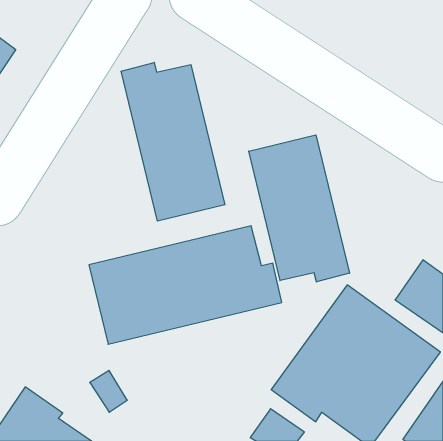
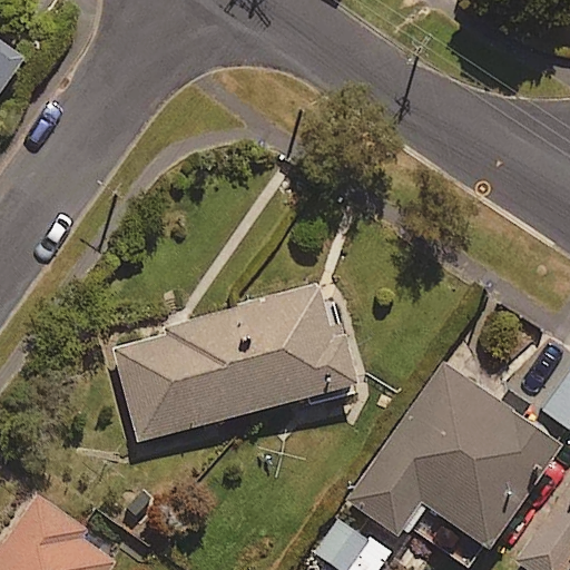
building: [121,62,225,221] -> none
building: [249,135,349,282] -> none

